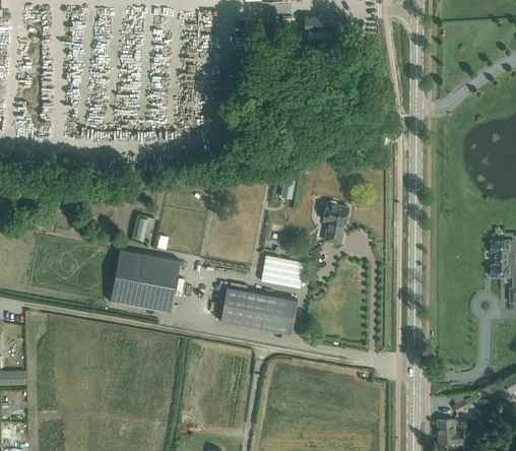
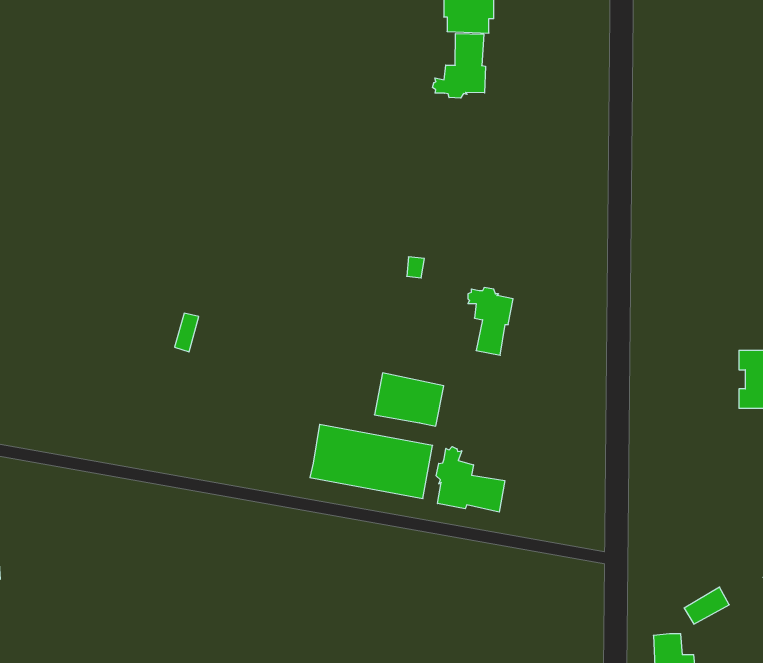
building: none -> [433,34,485,98]
building: [111,249,181,313] -> none
building: none -> [436,447,505,512]

